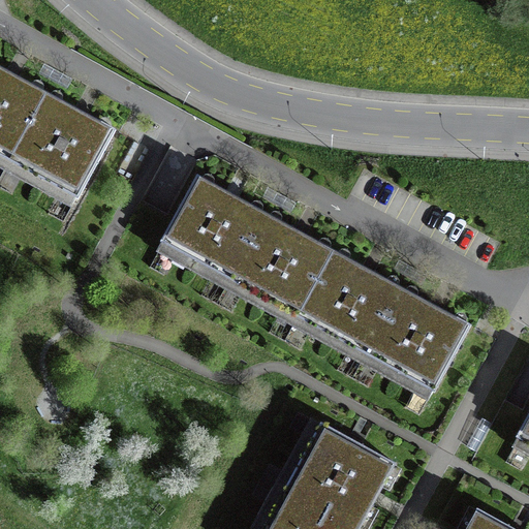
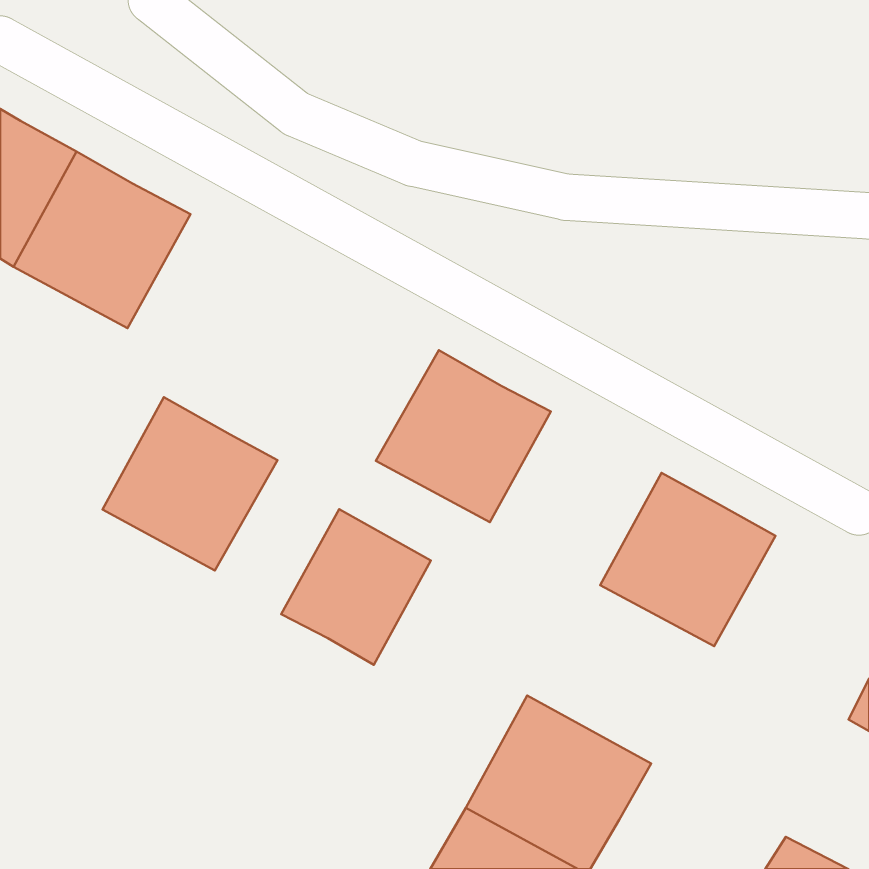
building: [160,175,267,280] -> [102,397,278,571]
building: [298,250,402,355] -> none
building: none -> [281,509,431,665]

